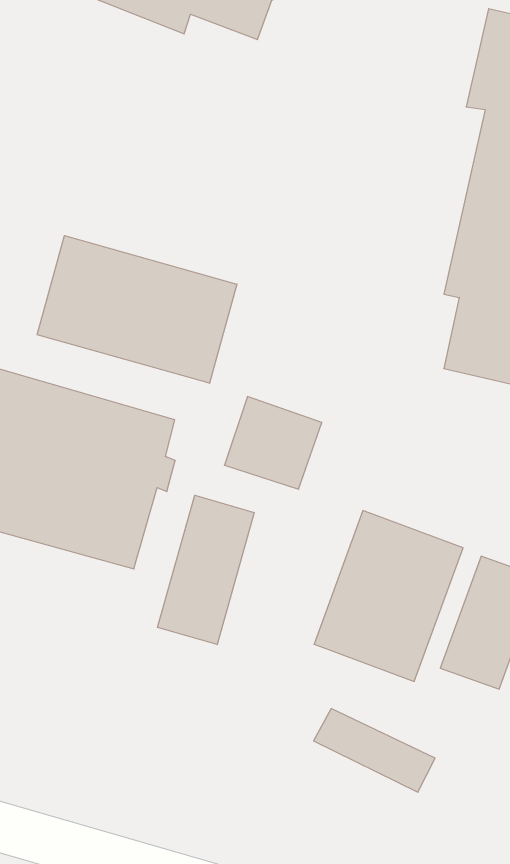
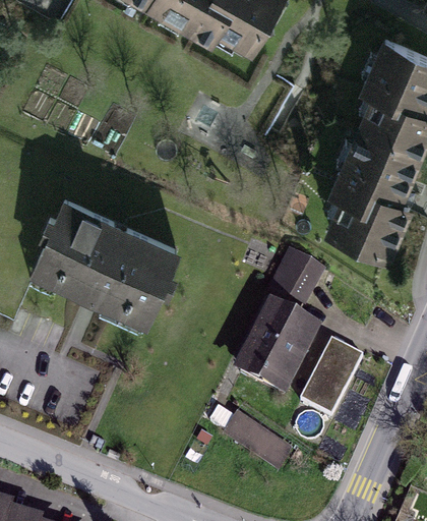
building: [37,236,237,383] -> none
building: [224,397,322,489] -> [268,253,325,308]
building: [158,495,254,645] -> none

